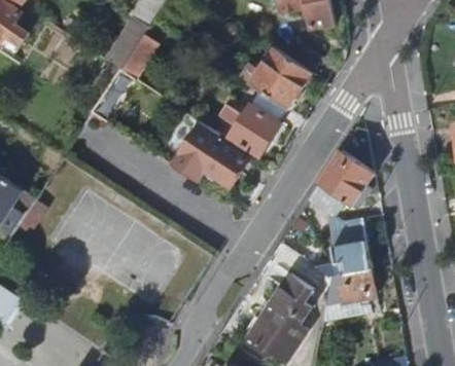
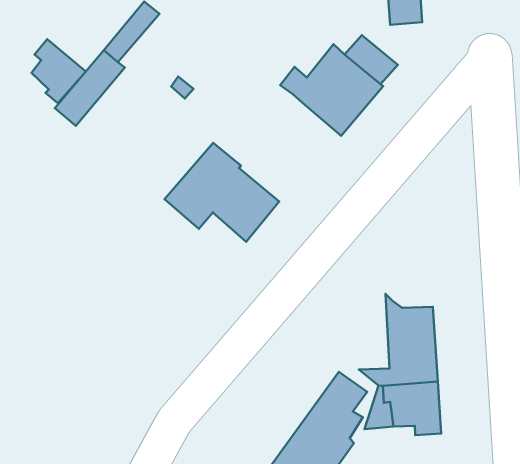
building: none -> [31,39,86,103]
building: [215,89,287,156] -> none
building: [307,149,372,217] -> none

